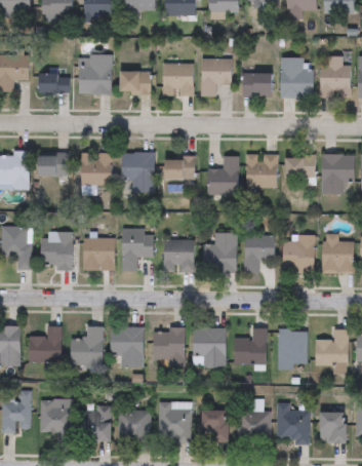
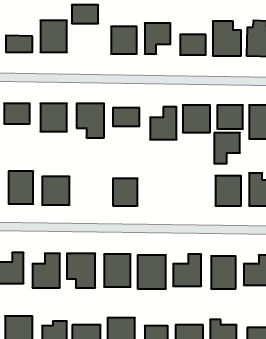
building: [120,72,151,93] -> [72,5,98,23]
building: [122,230,153,271] -> none
building: [205,234,235,272] -> none
building: [244,236,274,272] -> [214,133,240,164]

